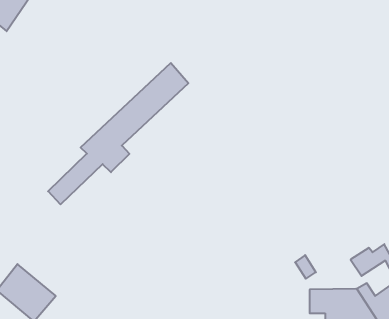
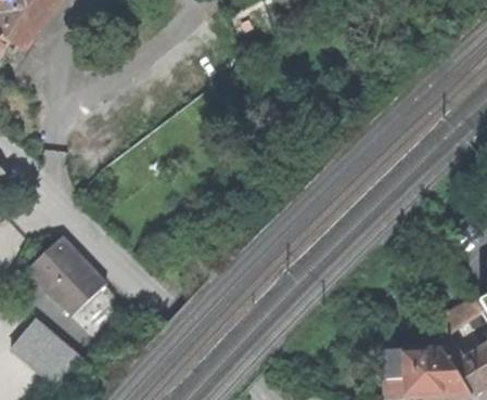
building: [48,63,188,204] -> none
building: none -> [27,234,107,315]

